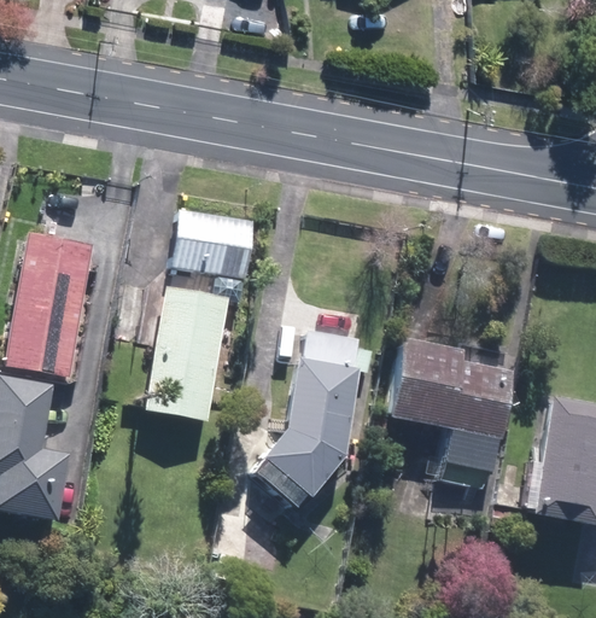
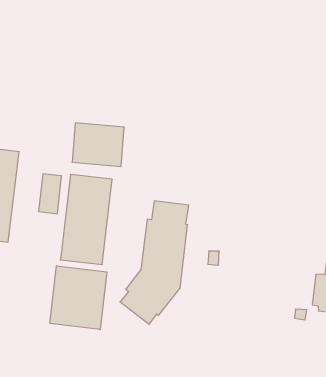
building: [391,338,510,483] -> none
building: none -> [50,266,107,330]

